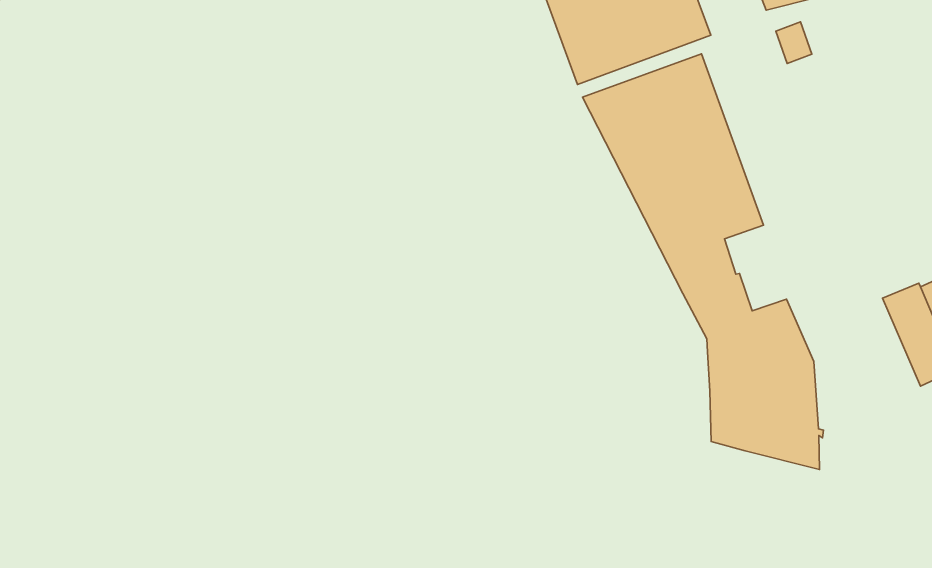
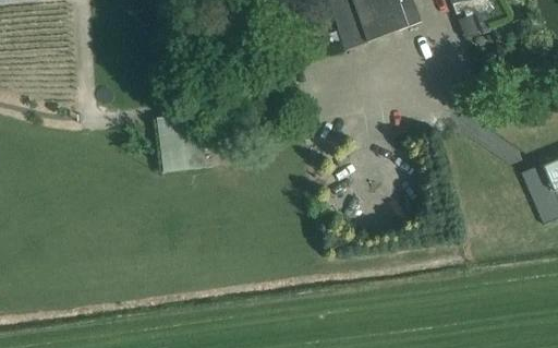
building: [583,54,823,469] -> none

